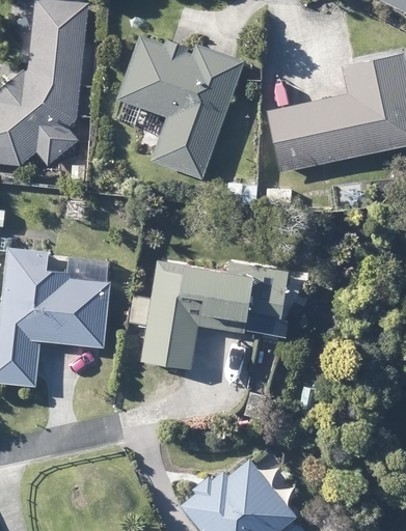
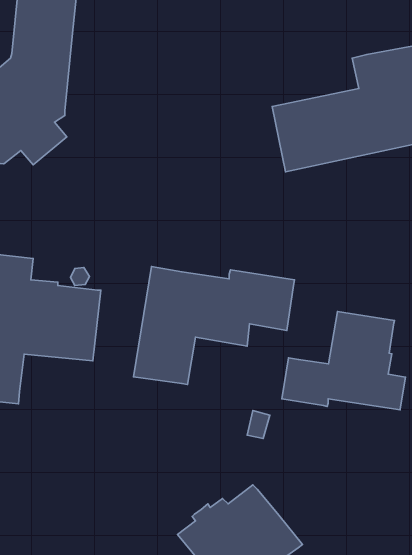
building: [117,35,244,179] -> none
building: none -> [282,311,405,410]

